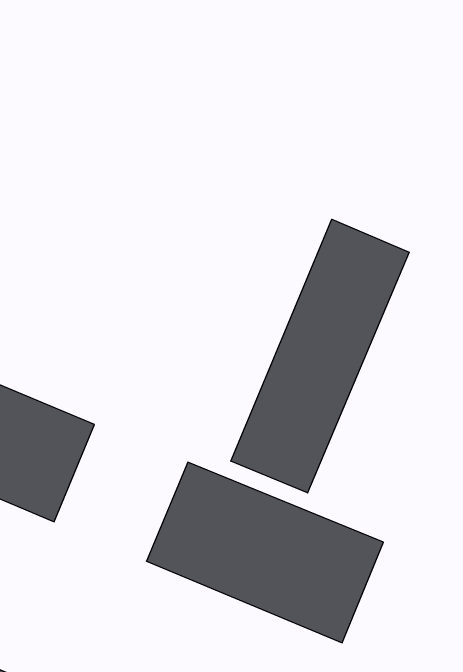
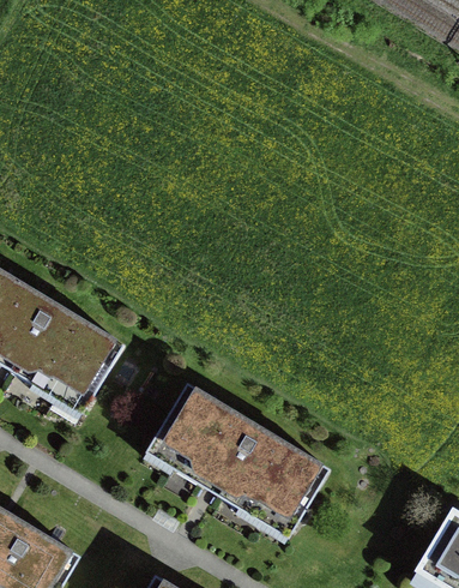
building: [231,219,409,493] -> none

